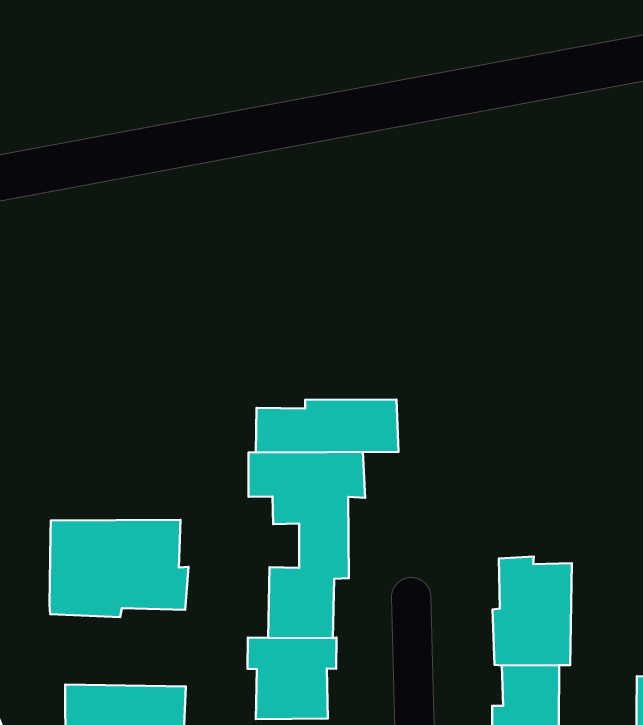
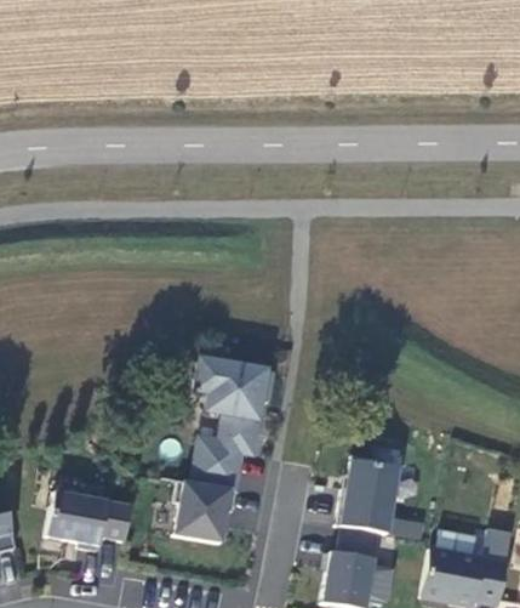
building: [256,400,399,452] -> none
building: [49,520,188,617] -> none

